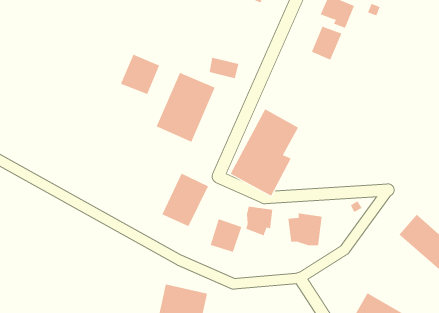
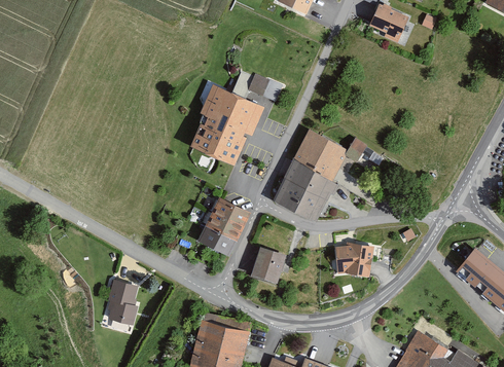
building: [311,26,342,60] -> none
building: [120,54,160,95] -> none
building: [246,206,273,236] -> none
building: none -> [107,277,138,322]

